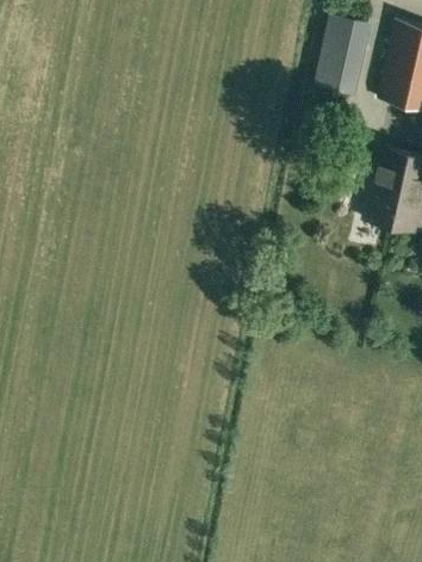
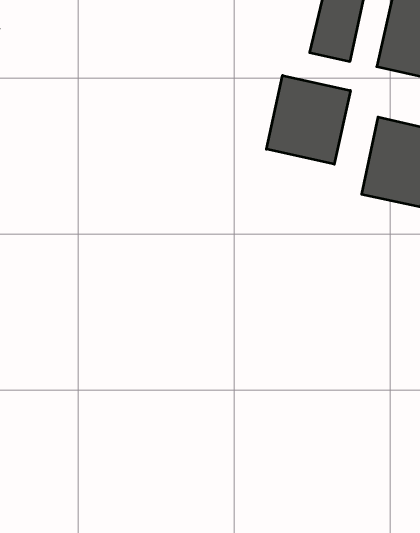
building: none -> [266,75,350,164]

